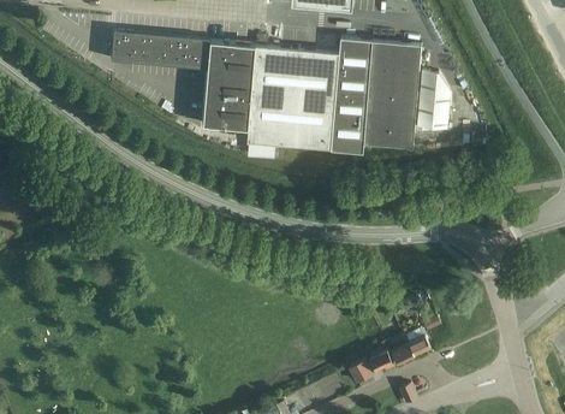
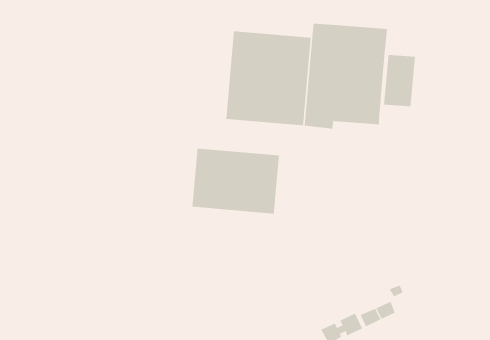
building: [109,28,255,123] -> none
building: none -> [192,148,280,215]

